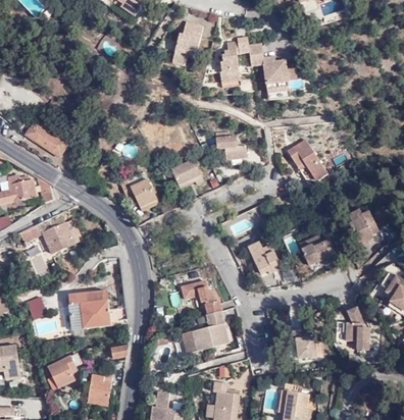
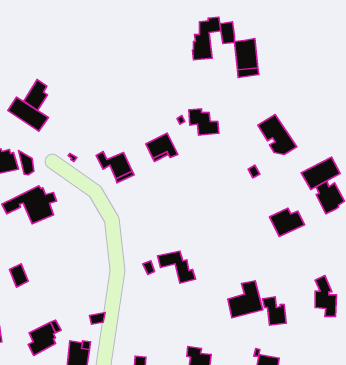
building: [172,23,203,63] -> none
building: none -> [24,80,48,110]
building: none -> [301,157,340,190]
building: [247,241,281,272] -> none
building: [67,290,123,329] -> none
building: [193,313,230,352] -> [228,281,263,318]

